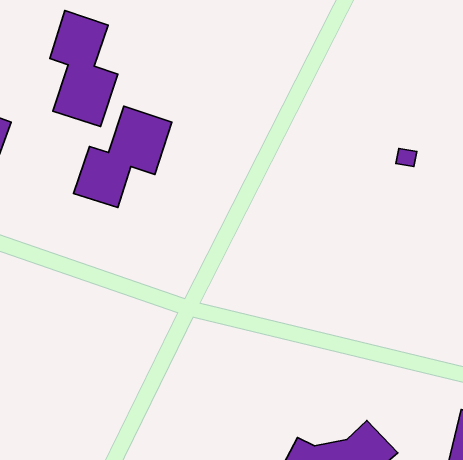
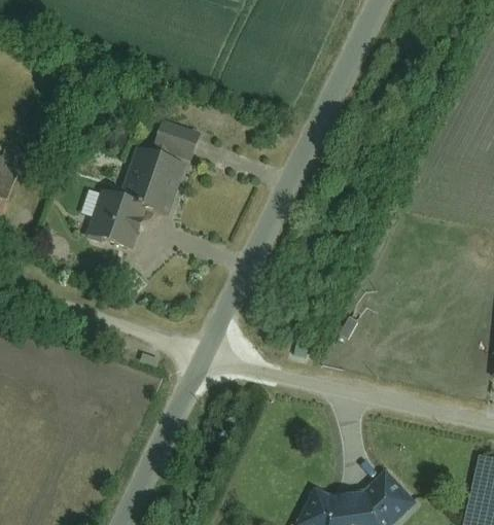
building: [50,11,118,127] -> none
building: none -> [151,121,199,164]

